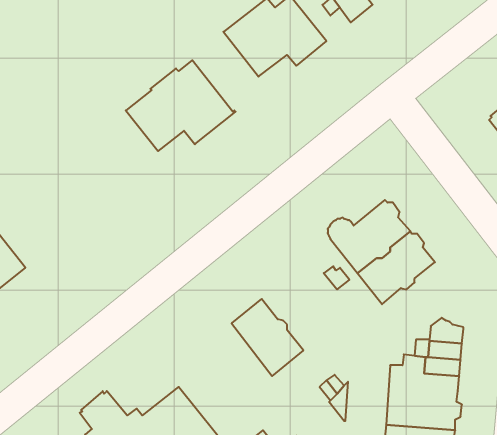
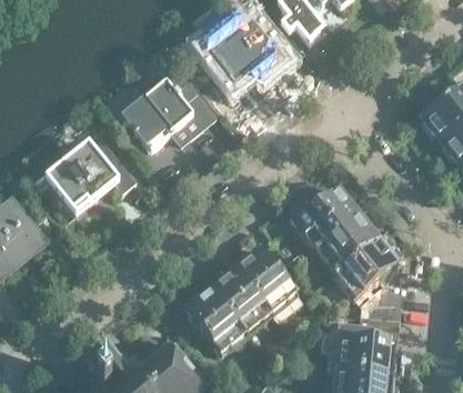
building: none -> [46,133,137,214]
building: none -> [335,239,399,300]
building: none -> [236,249,298,311]
building: none -> [187,289,245,354]

